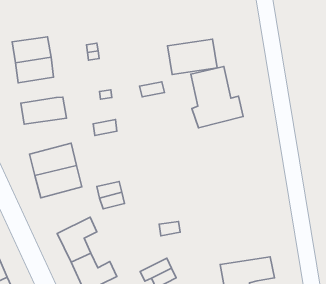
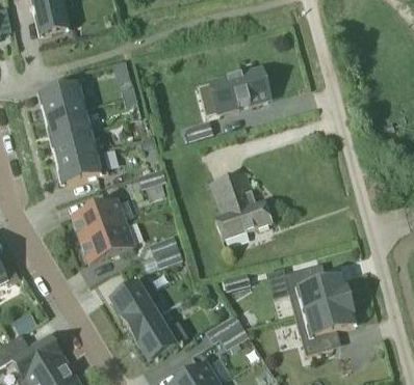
building: [191,66,243,128] -> [208,169,270,240]
building: none -> [51,129,95,161]
building: none -> [284,267,348,315]

